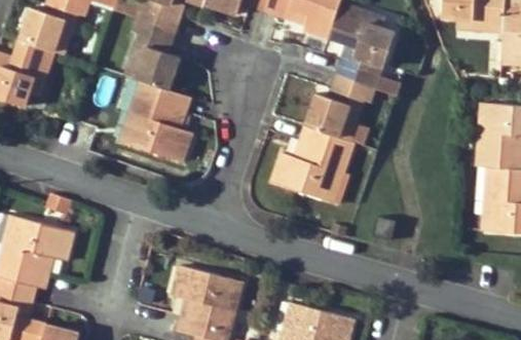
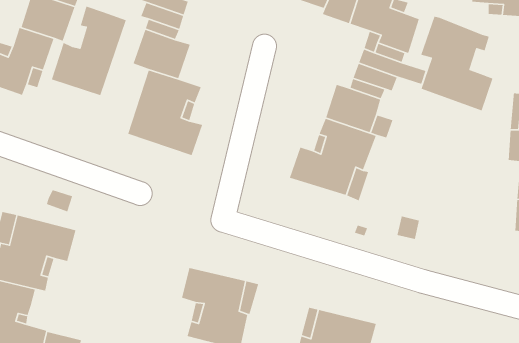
building: none -> [51,6,127,96]
building: none -> [420,16,493,112]

